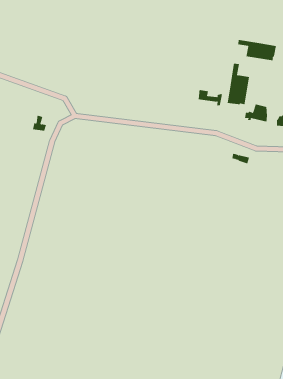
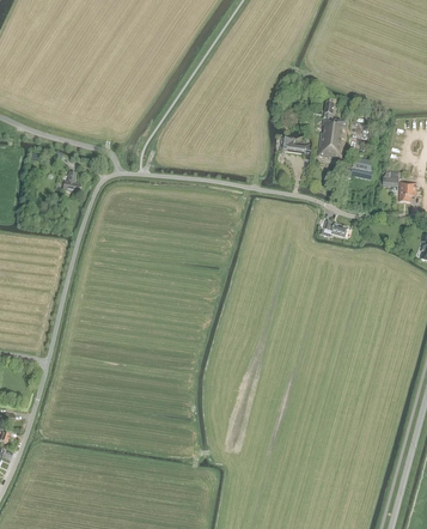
building: [237,39,277,61] -> none

